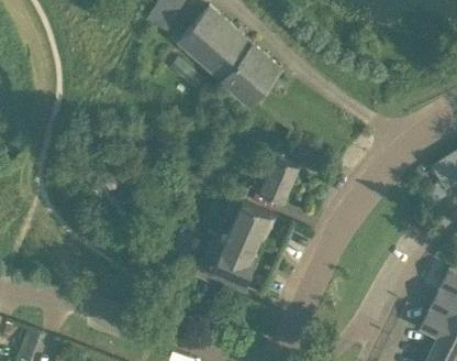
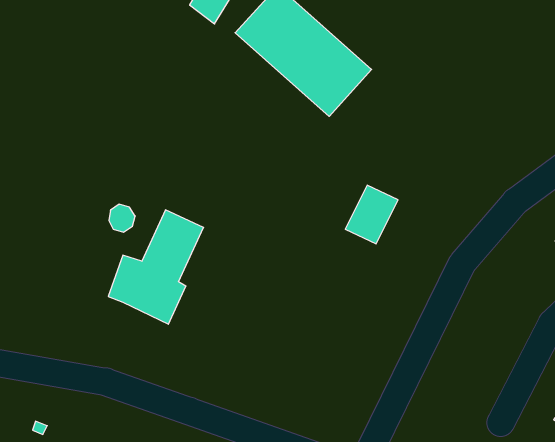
building: [200,204,271,289] -> [108,210,204,324]

